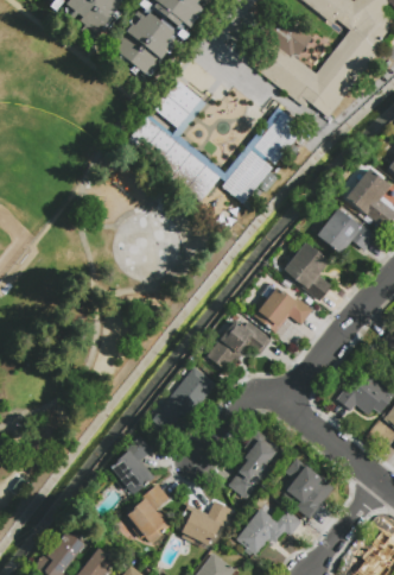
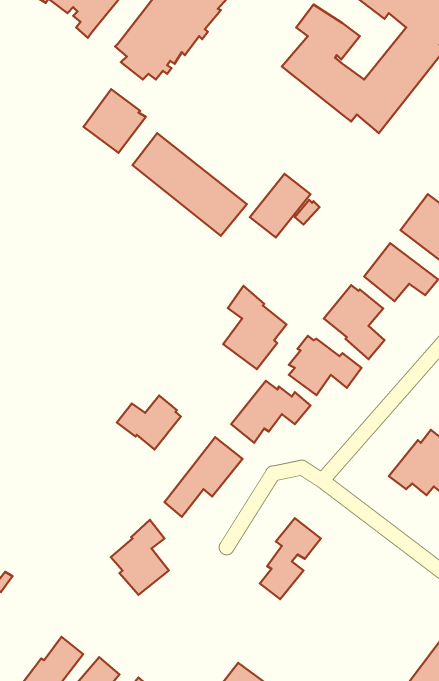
building: [155,80,206,132] -> [84,89,146,153]
building: [254,110,304,164] -> none
building: none -> [223,286,287,369]
building: none -> [117,396,181,450]
building: [282,460,336,520] -> none
building: [127,484,171,542] -> none
building: [176,499,231,544] -> none
building: [235,506,301,556] -> none

